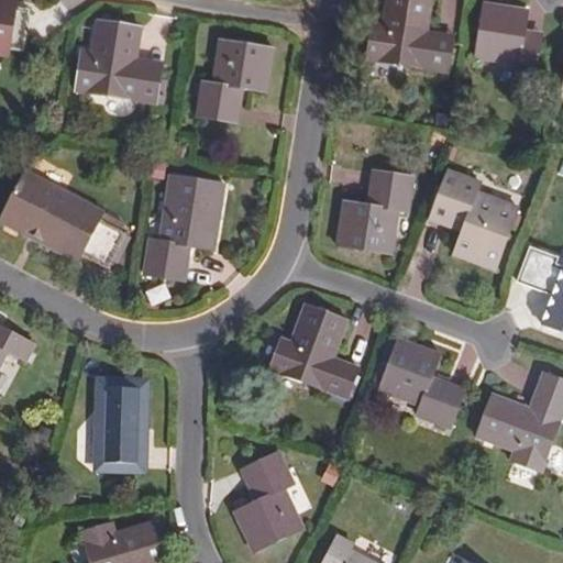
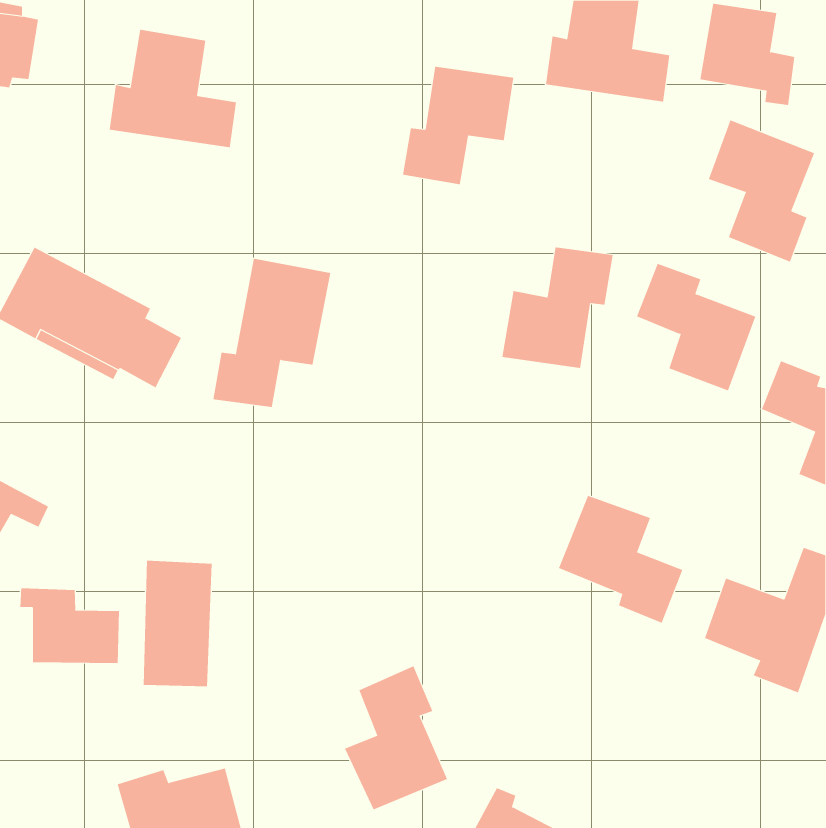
building: [197,40,273,120] -> [402,66,514,185]
building: none -> [708,119,815,262]
building: [267,301,357,395] -> none
building: none -> [20,588,119,664]

